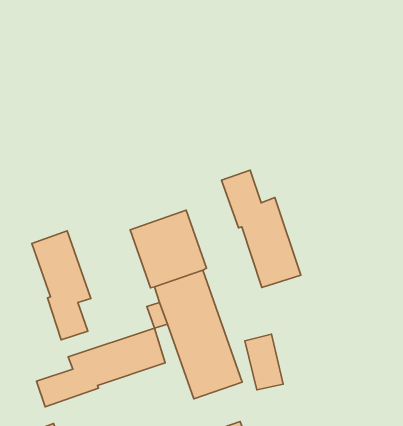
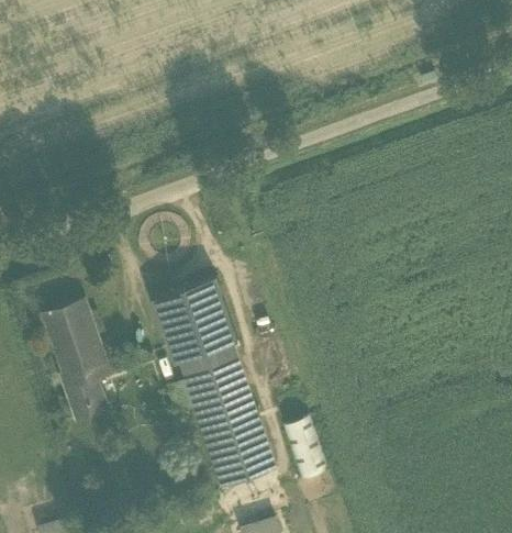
building: [222,170,301,288] -> none
building: [37,328,165,407] -> none

